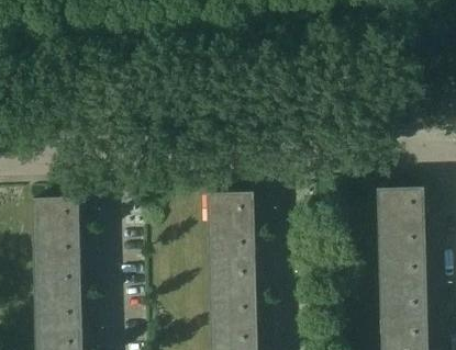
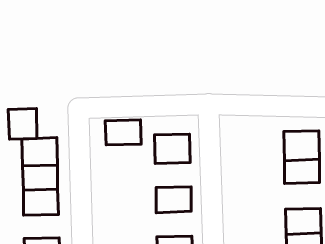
building: none -> [8,109,37,139]
building: [209,229,256,262] -> [105,120,141,145]
building: [379,256,426,291] -> none
building: [210,293,257,327] -> none
building: [35,297,82,329] -> none

